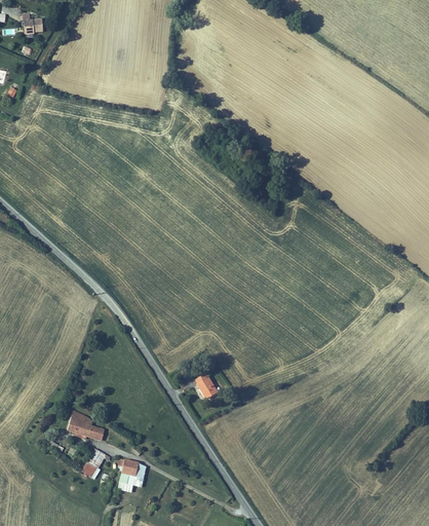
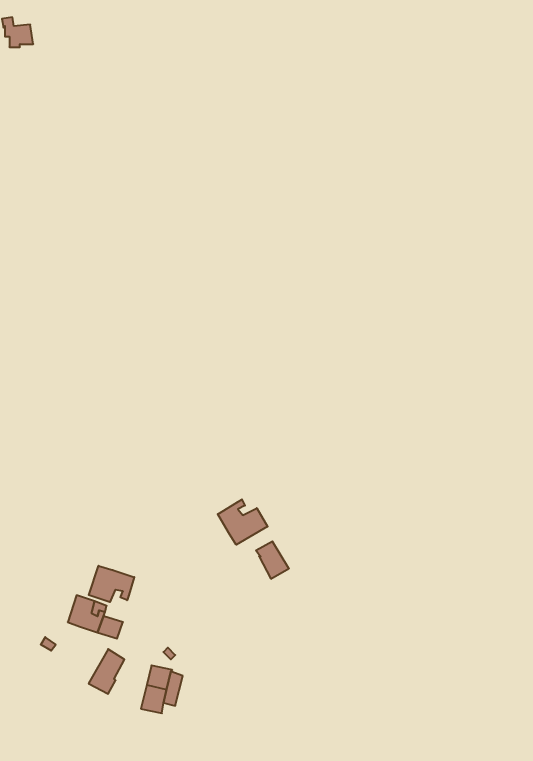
building: none -> [218,499,268,545]
building: none -> [89,566,134,602]

